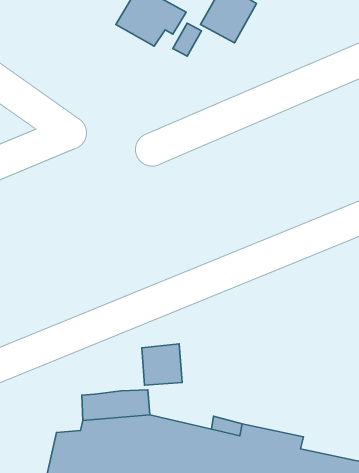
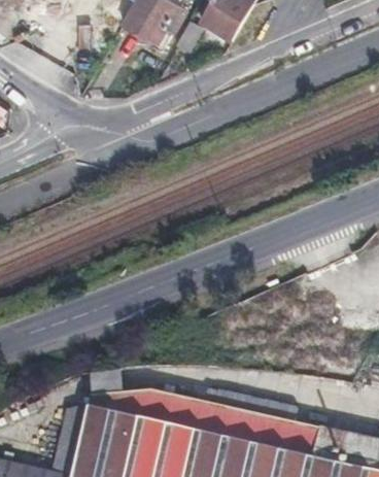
building: [142,344,182,385] -> none

